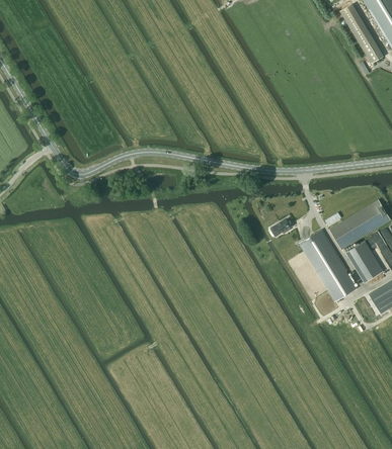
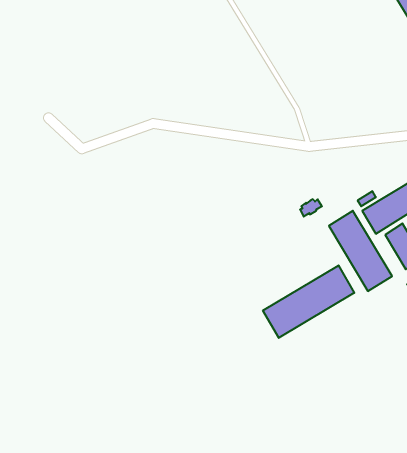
building: none -> [263,265,354,338]

